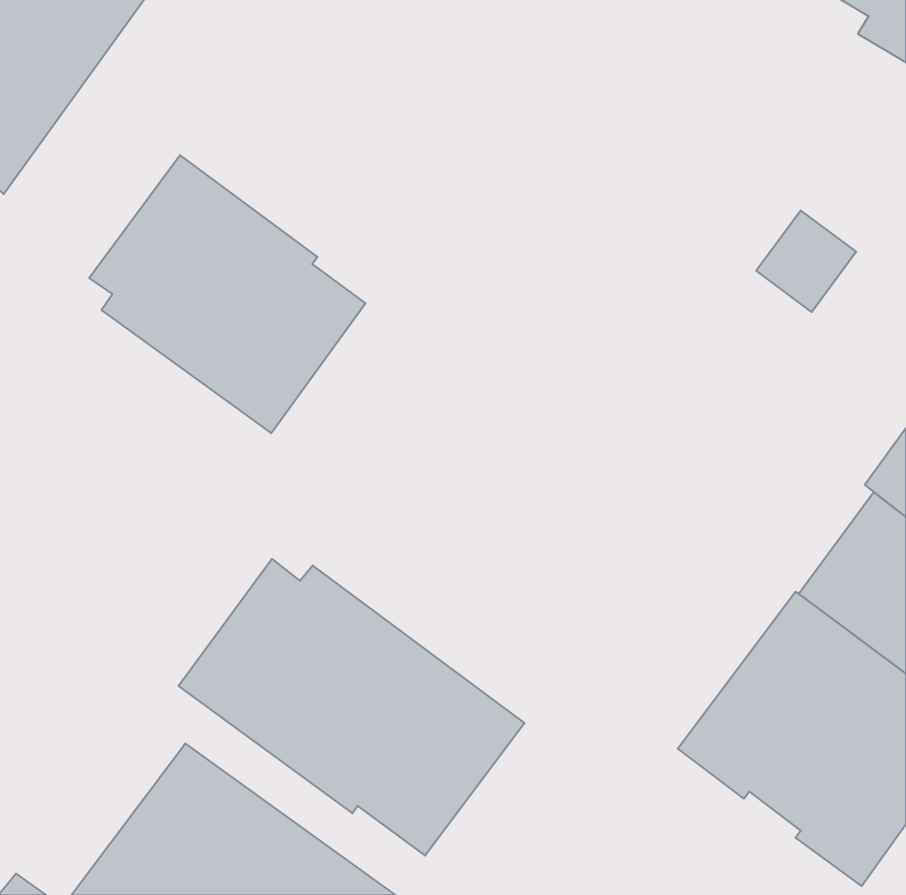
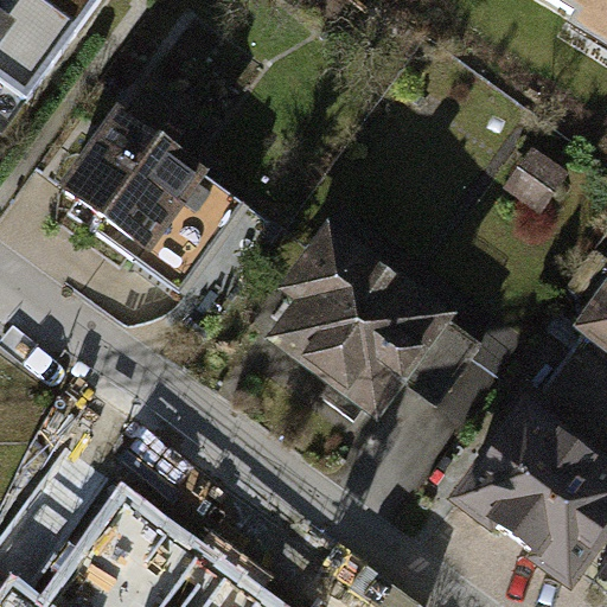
building: none -> [267,218,483,420]
building: [179,559,525,856] -> none

